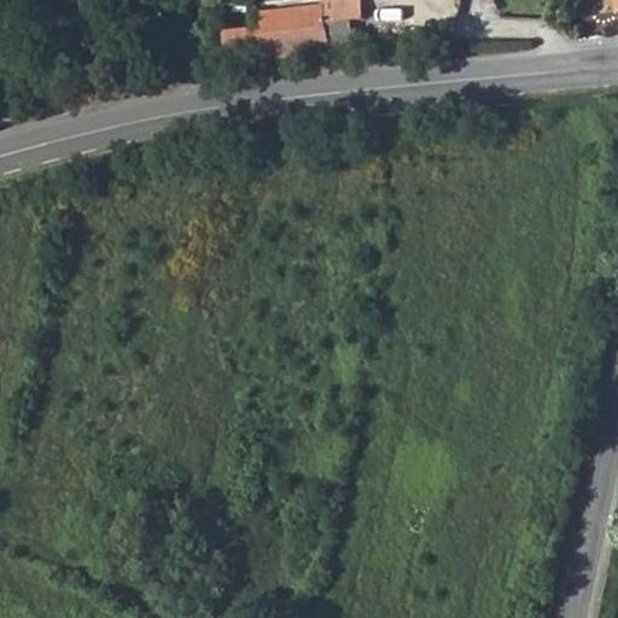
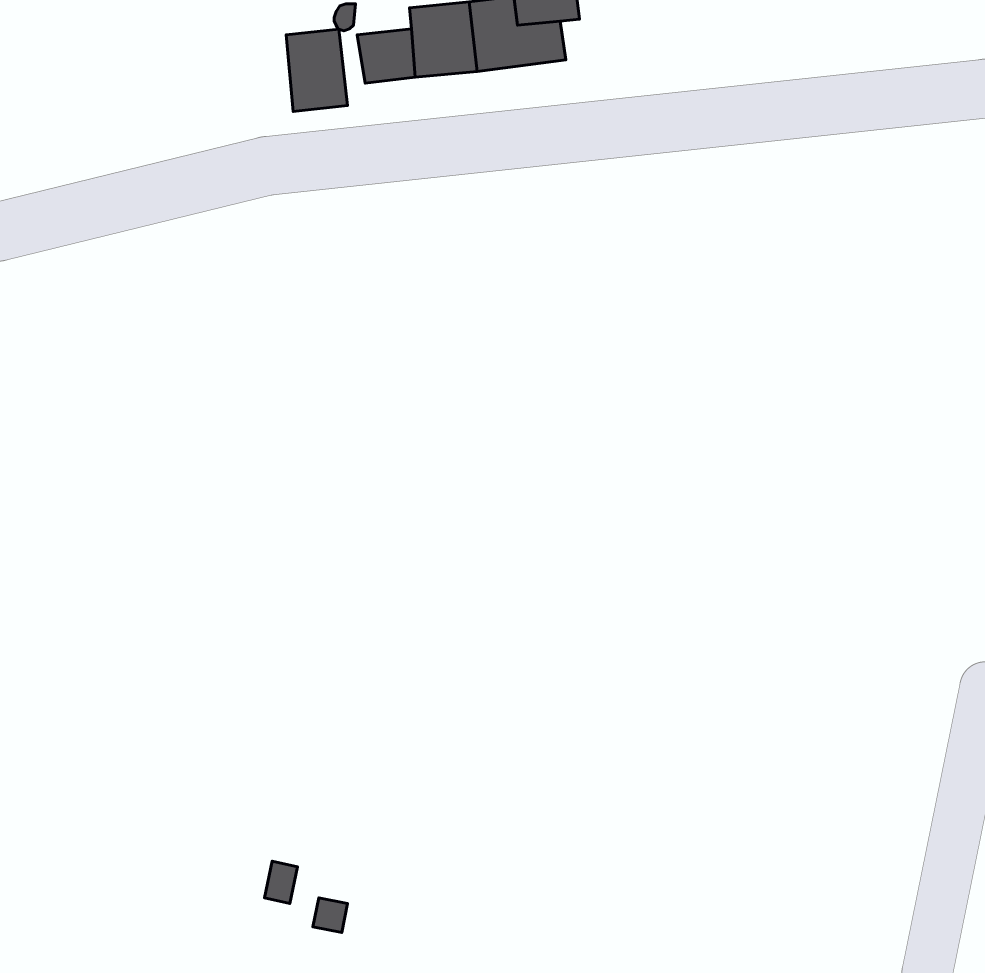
building: none -> [286,29,348,111]

